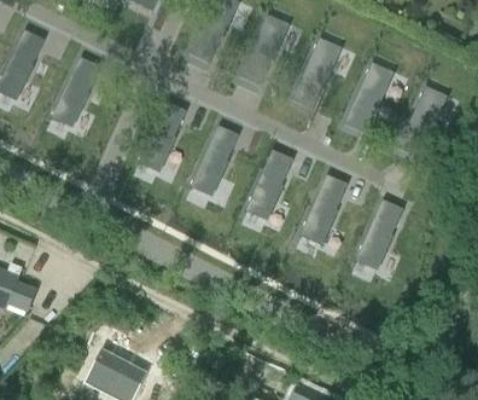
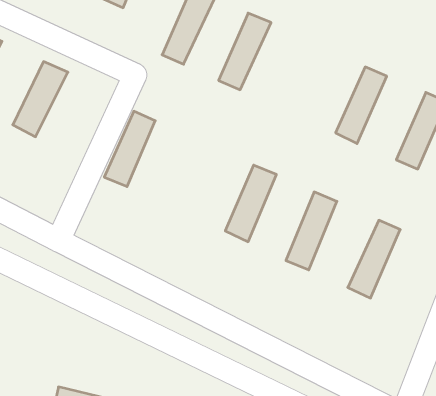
building: [293,37,338,106] -> none
building: [191,126,238,195] -> none

